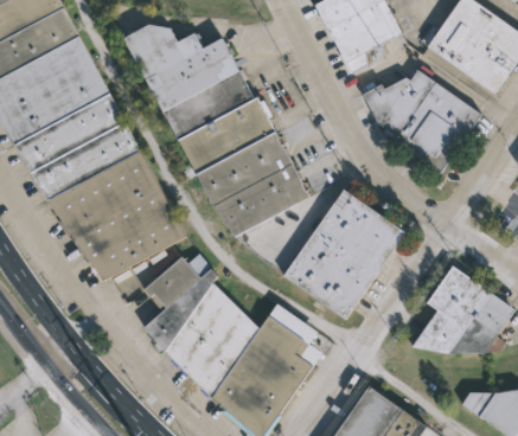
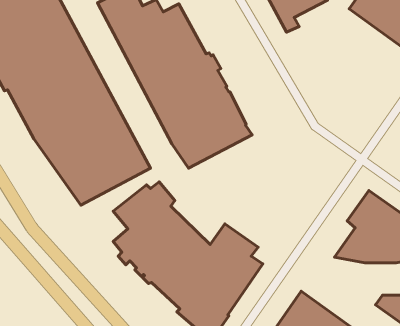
building: [362,69,484,174] -> none
building: [283,190,405,320] -> none

